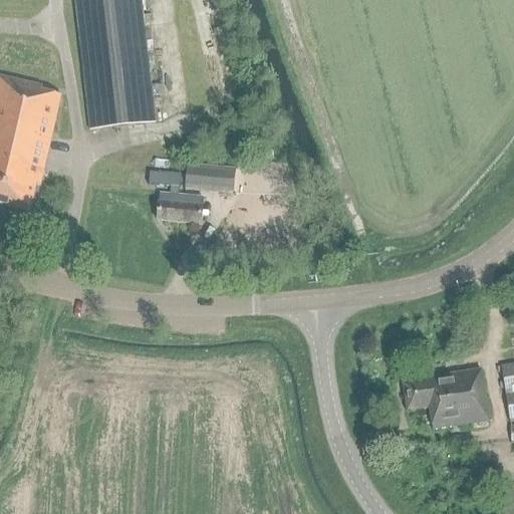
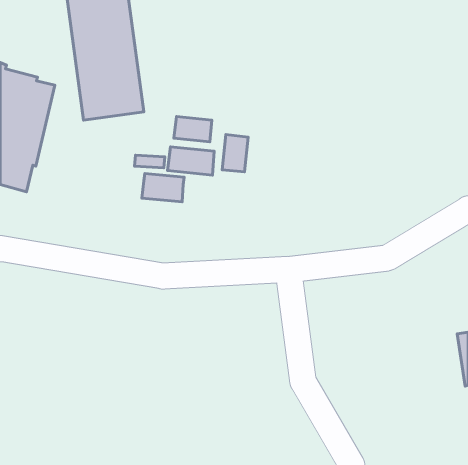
building: none -> [174,117,212,142]
building: none -> [222,135,248,172]
building: [402,365,487,426] -> none

